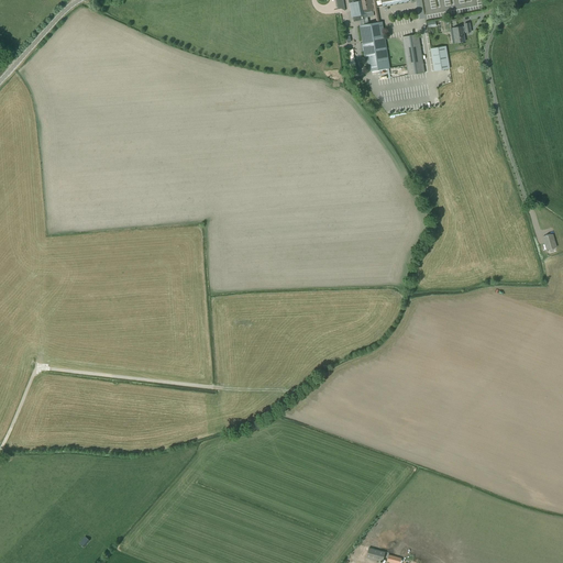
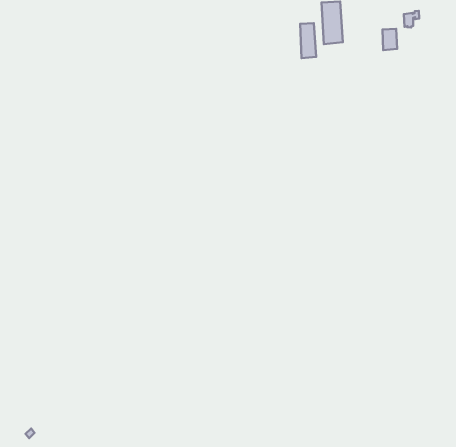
building: [402,34,424,75] -> [300,23,316,58]

